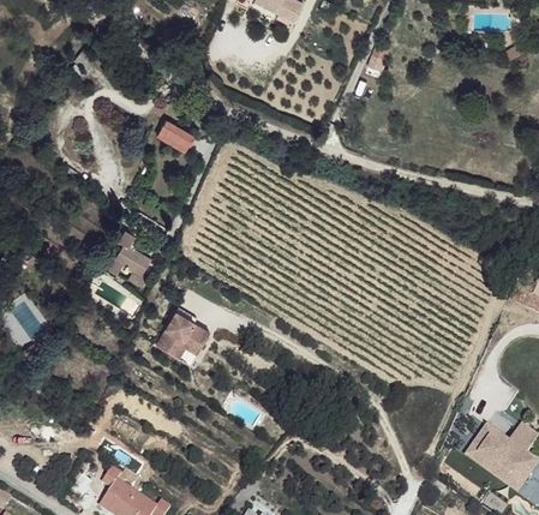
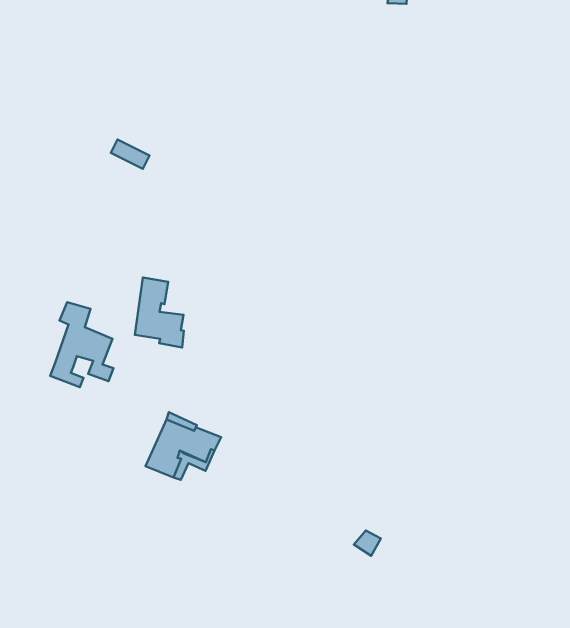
building: none -> [135,278,184,348]

